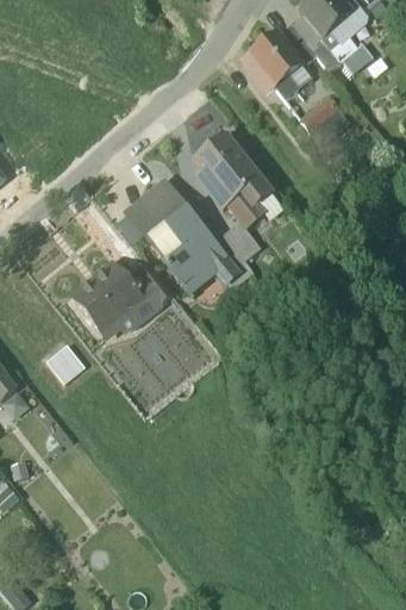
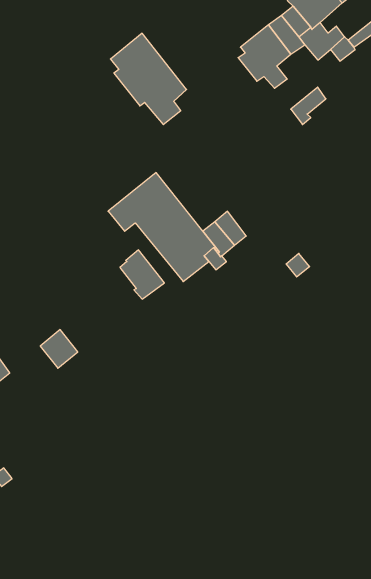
building: [195,133,273,226] -> [110,33,187,125]
building: [75,266,146,335] -> none

